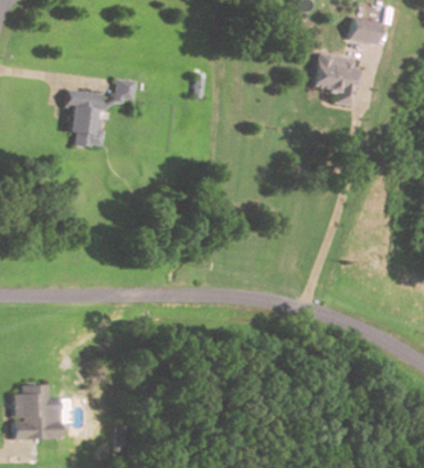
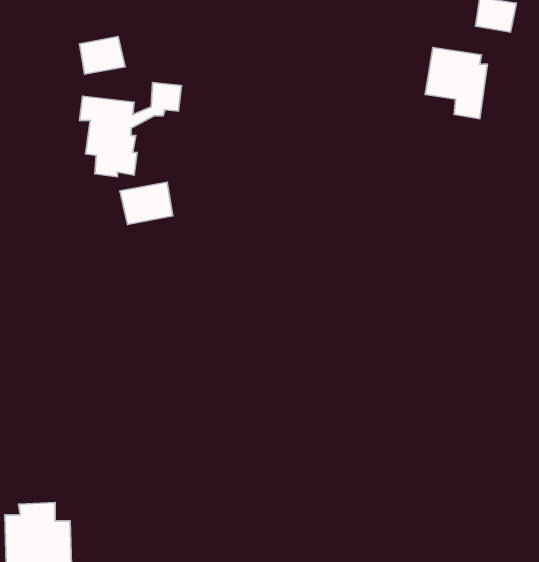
building: none -> [79,37,125,74]
building: none -> [120,182,173,224]

